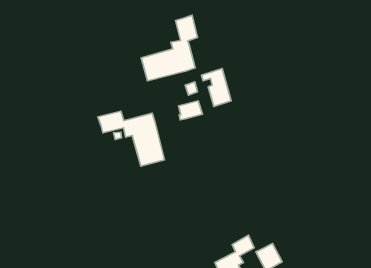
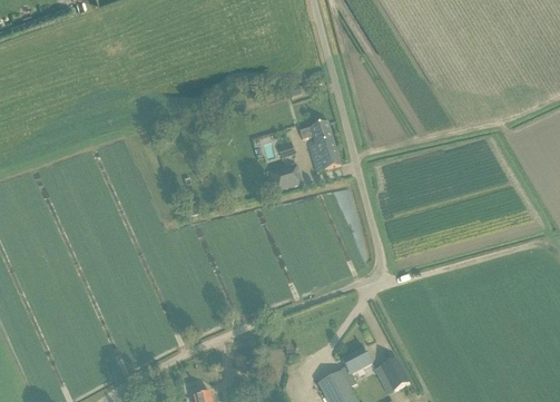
building: [141,15,198,81] -> none
building: [98,111,165,166] -> none

